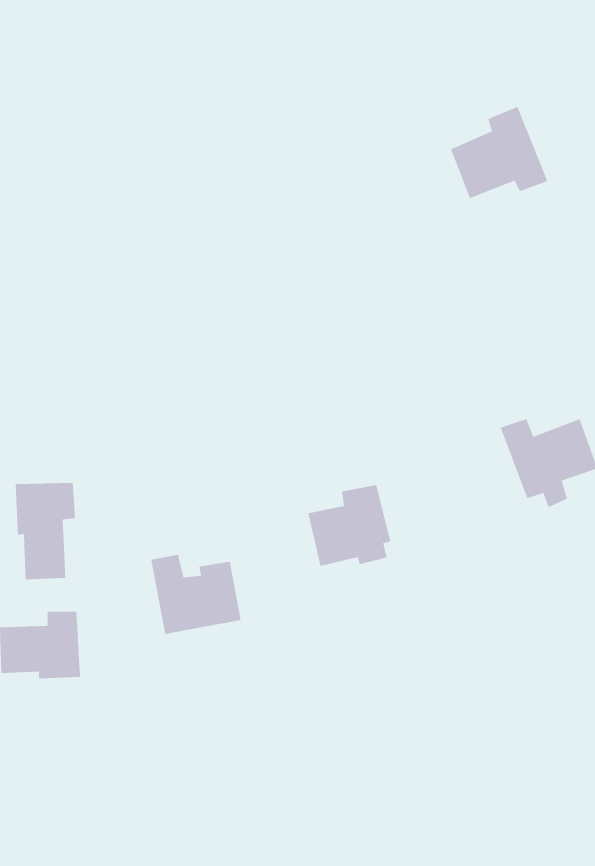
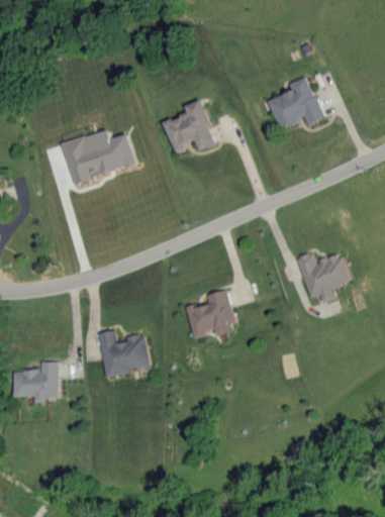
building: none -> [164,100,216,153]
building: none -> [63,130,135,186]
building: [15,482,76,580] -> none

